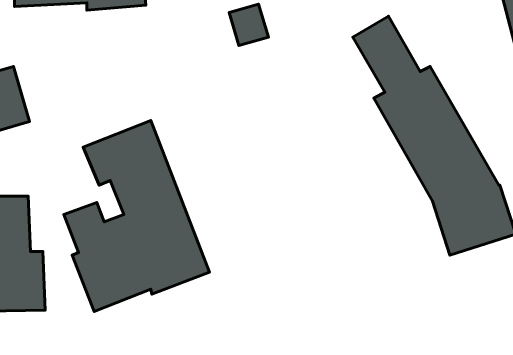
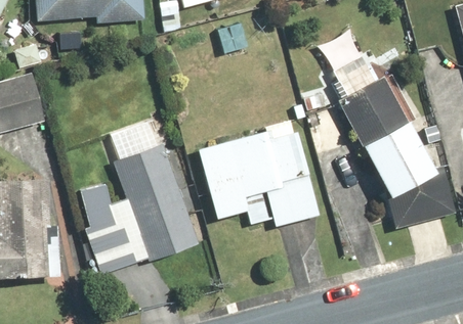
building: none -> [199,121,323,227]

